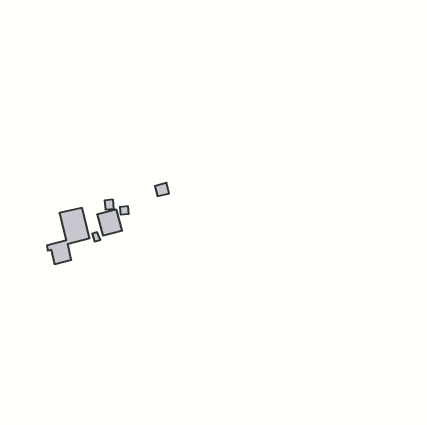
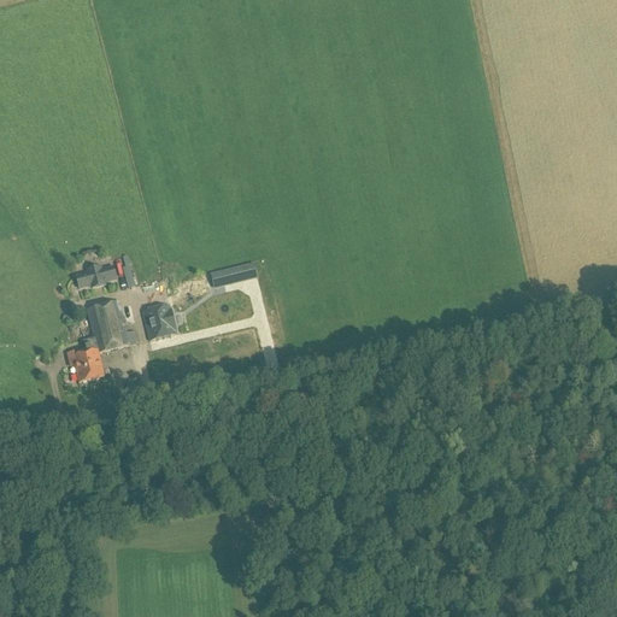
building: none -> [74,263,116,287]

